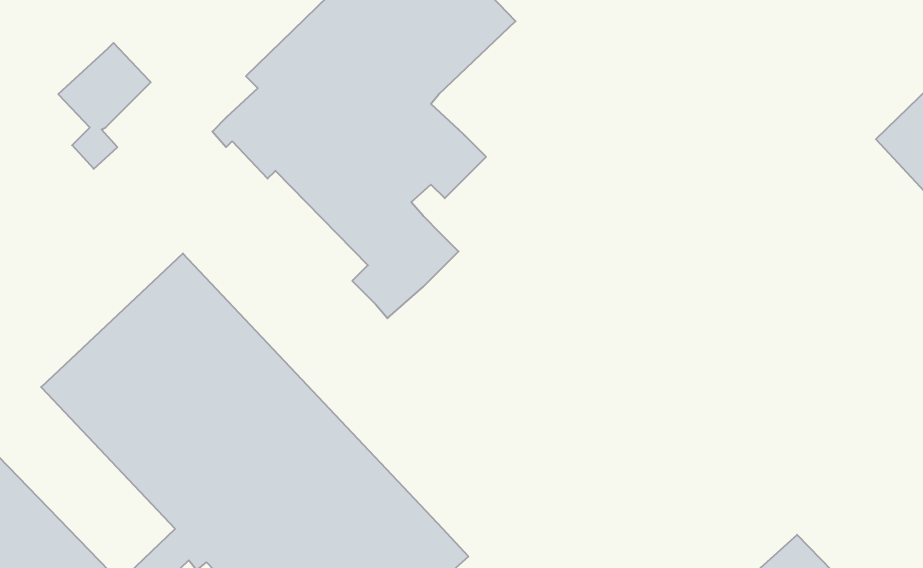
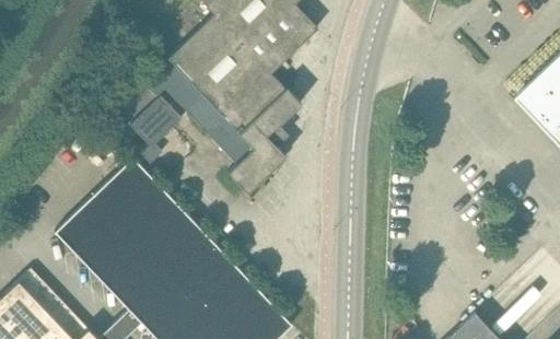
building: [58,43,151,169] -> [129,95,180,165]

